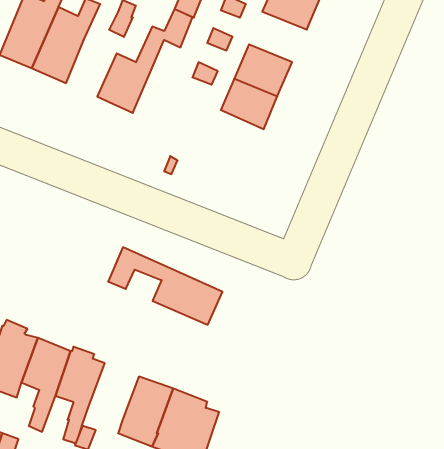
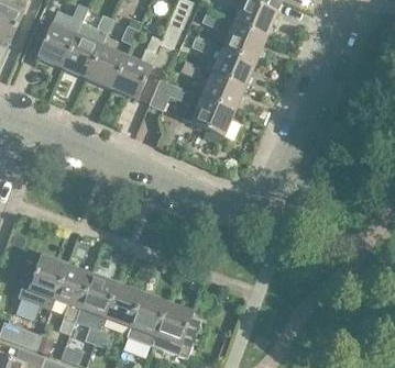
building: none -> [222,24,265,62]
building: none -> [87,45,124,87]
building: [108,247,223,325] -> [149,78,233,135]
building: none -> [105,283,141,325]

